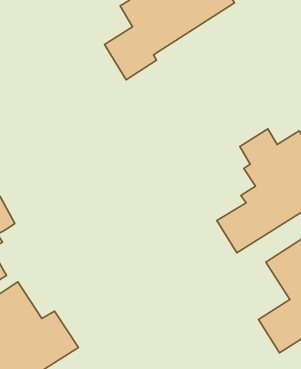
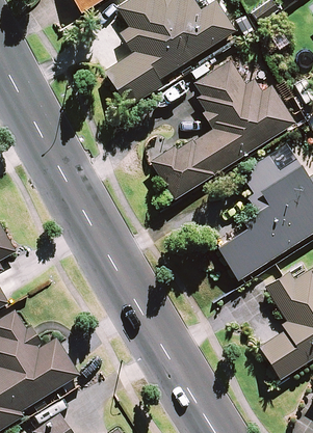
building: none -> [152,60,295,198]

